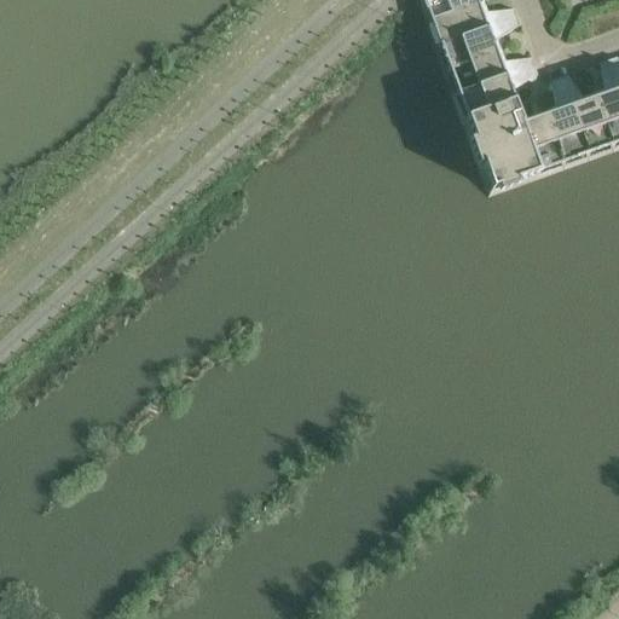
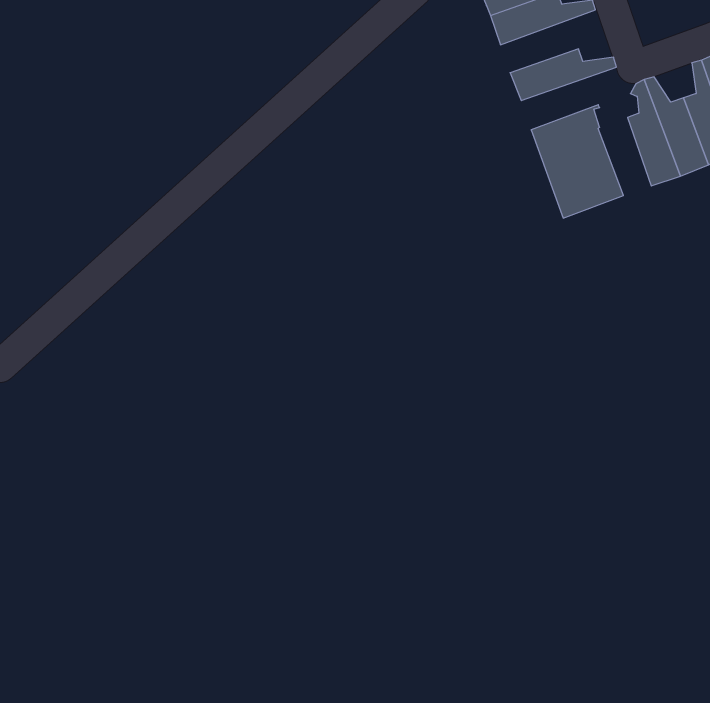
building: [436,8,522,63] -> none
building: [455,58,540,112] -> none
building: [521,102,567,169] -> none

